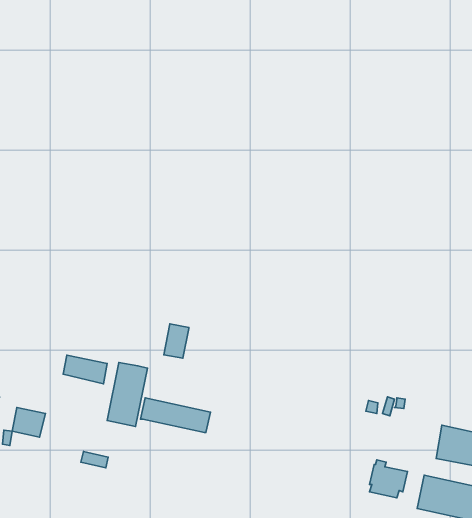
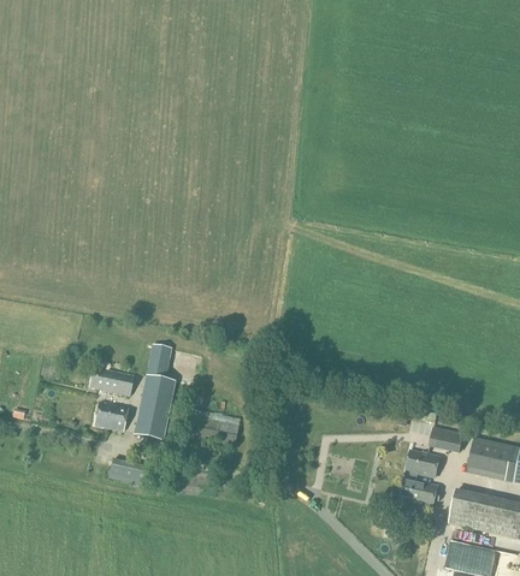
building: [164,324,189,358] -> [147,343,172,378]
building: [12,407,45,437] -> [95,400,129,430]
building: none -> [430,426,463,451]
building: none -> [407,450,441,475]

